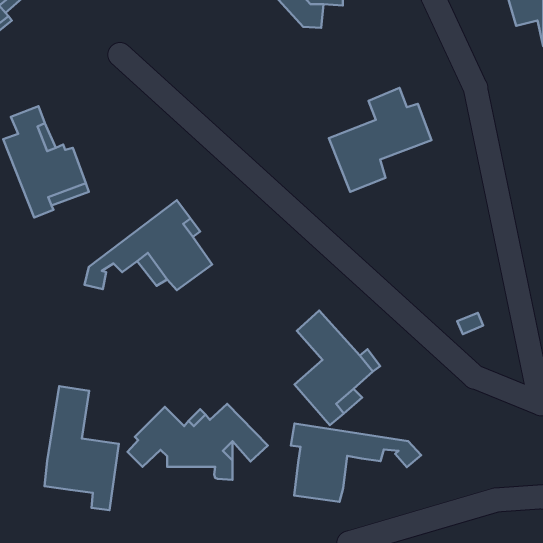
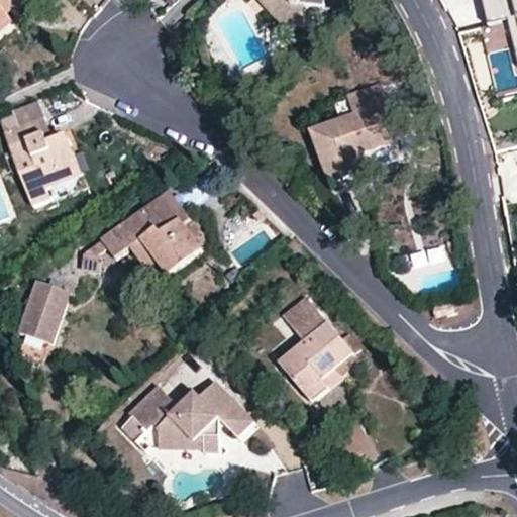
building: none -> [15,279,68,342]
building: [45,386,119,510] -> none
building: [291,423,421,502] -> none

